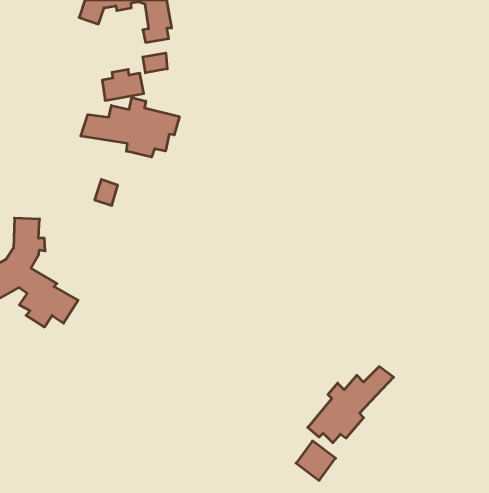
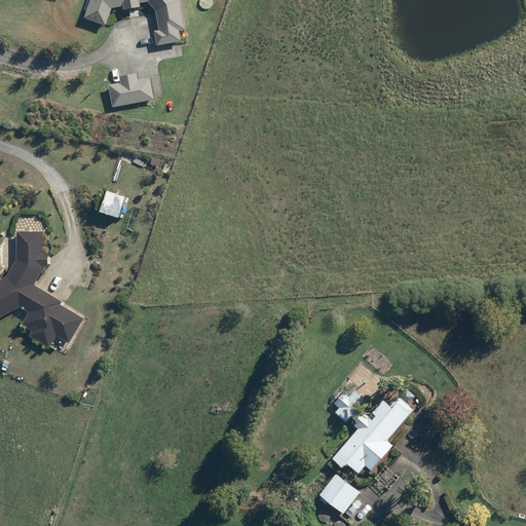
building: [143,53,167,73] -> none
building: [81,98,179,157] -> none

